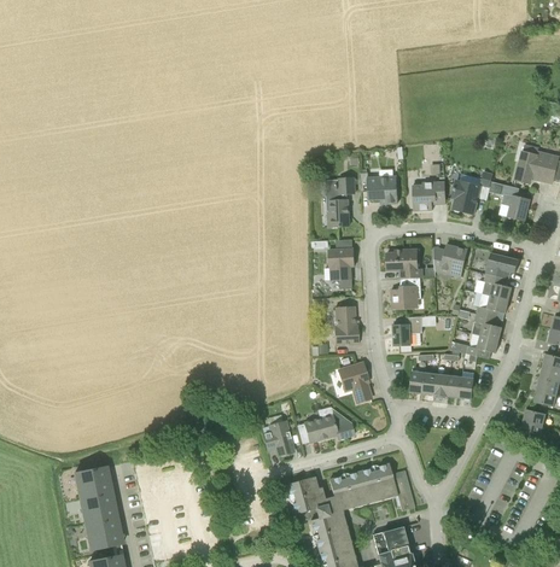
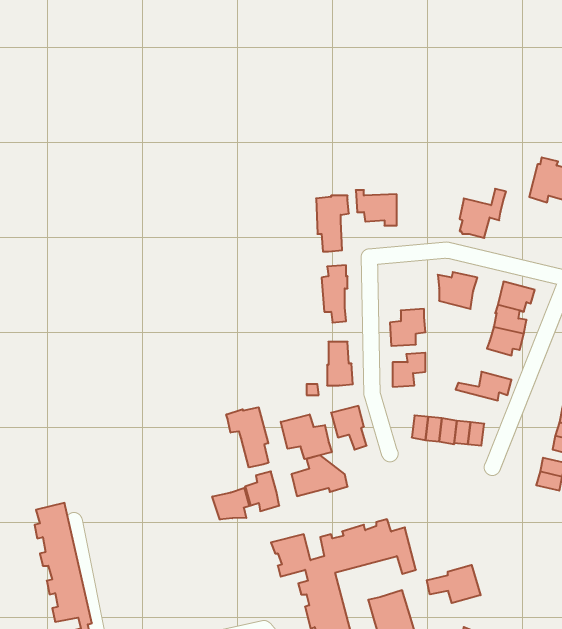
building: [413,181,447,211] -> none
building: [489,181,531,221] -> none
building: [387,250,422,279] -> none
building: [472,312,502,340] -> none
building: none -> [226,407,268,467]
building: none -> [281,414,332,459]
building: none -> [212,488,249,520]
building: none -> [427,565,481,603]

